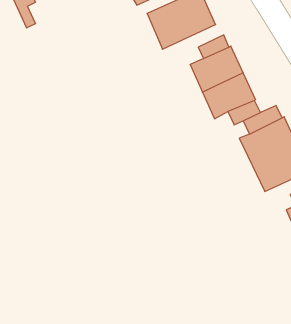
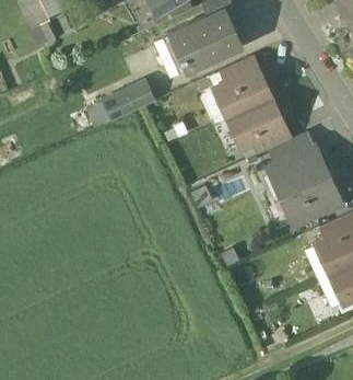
building: none -> [103,79,155,119]

